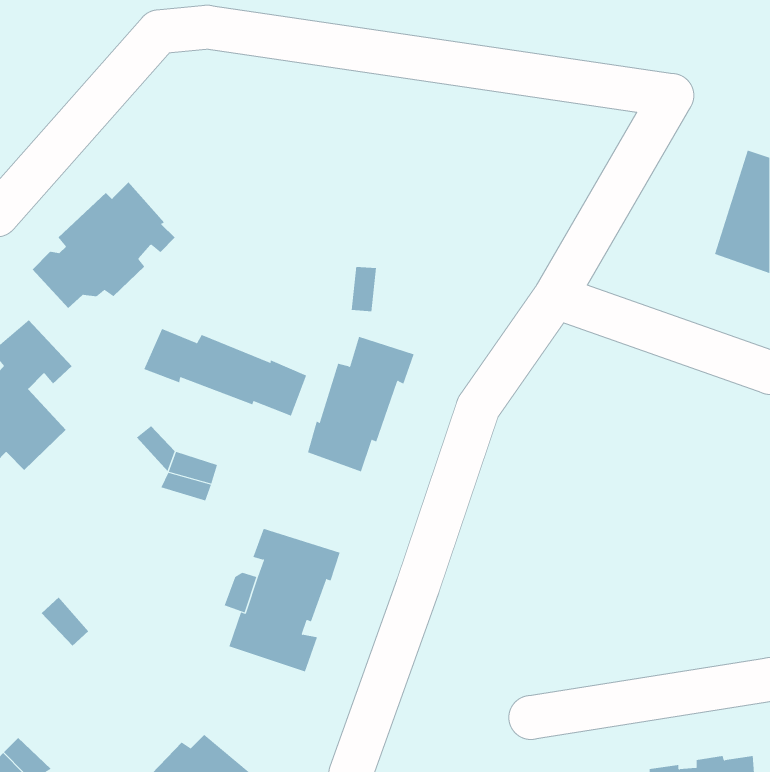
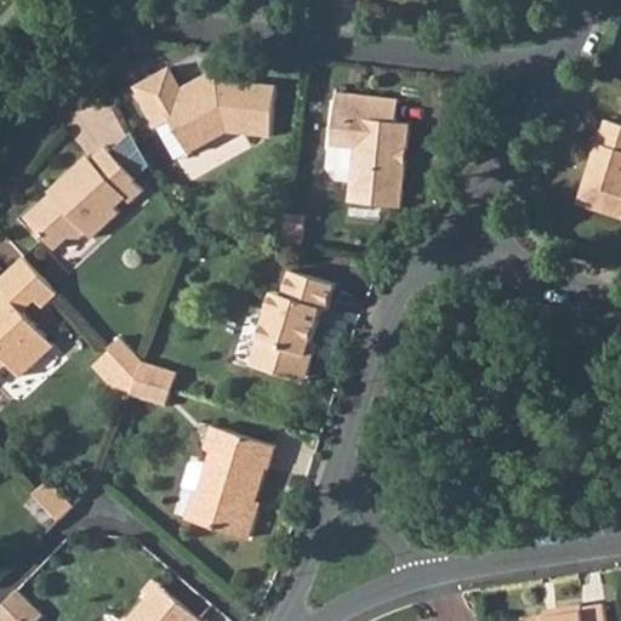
building: none -> [131,68,273,153]
building: none -> [326,93,406,211]
building: [144,328,307,417] -> none

